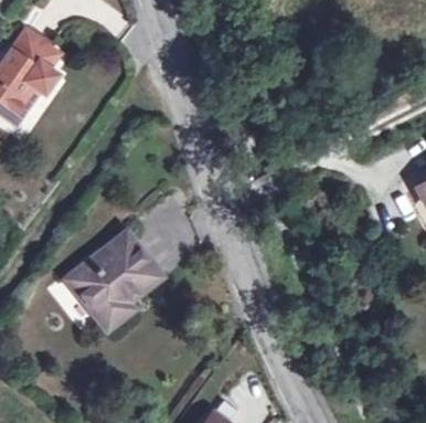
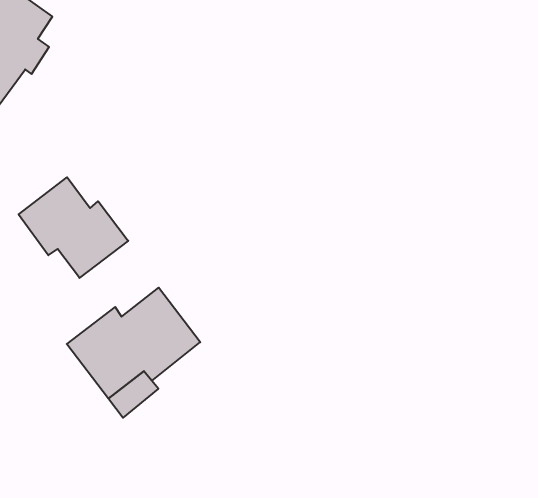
building: none -> [19,177,128,278]

